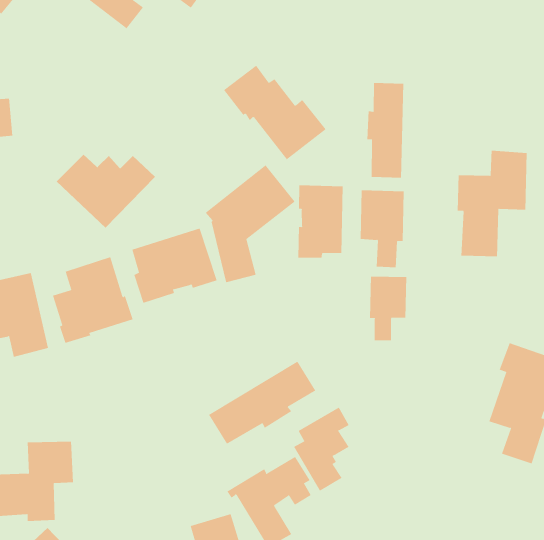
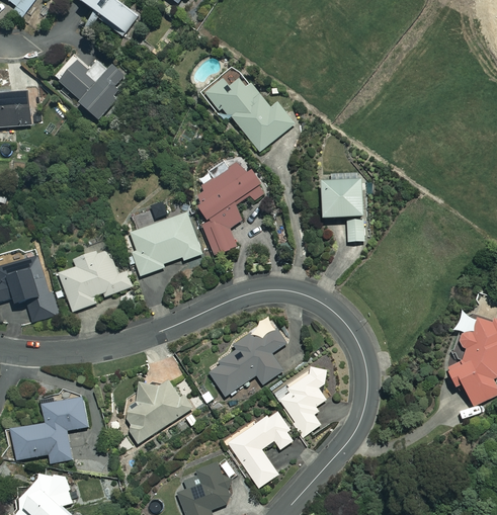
building: [367,82,404,179] -> none
building: [457,150,527,257] -> none
building: [56,154,156,229] -> [48,60,136,125]
building: [298,185,343,259] -> none
building: [370,276,407,341] -> none
building: none -> [113,370,184,448]

